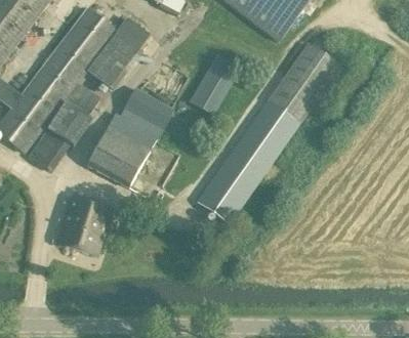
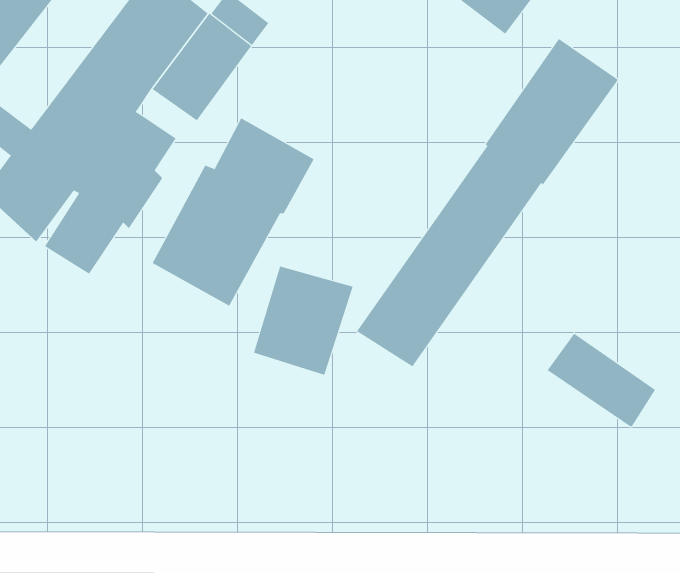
building: [189,52,242,116] -> none
building: [58,196,113,255] -> [253,266,353,375]
building: none -> [547,333,656,427]

